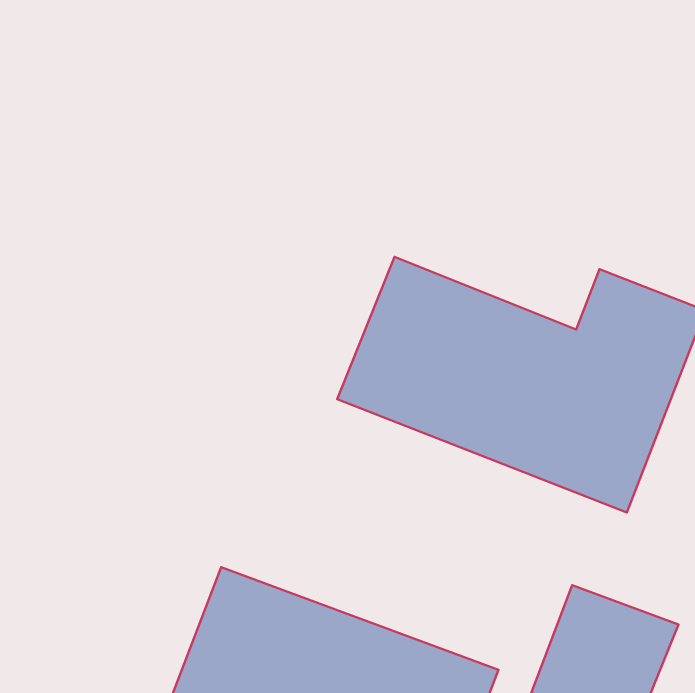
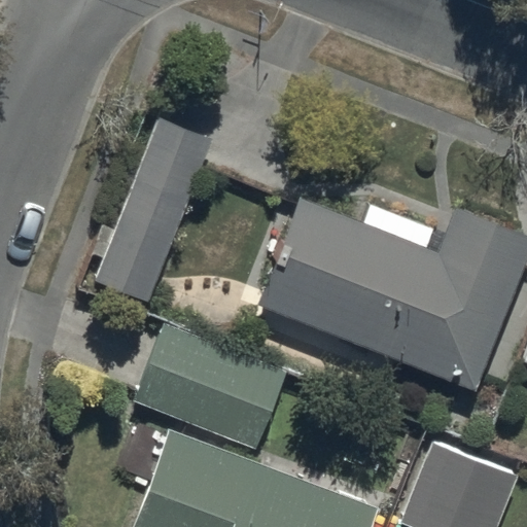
building: none -> [96,119,212,303]
building: none -> [133,324,287,450]

